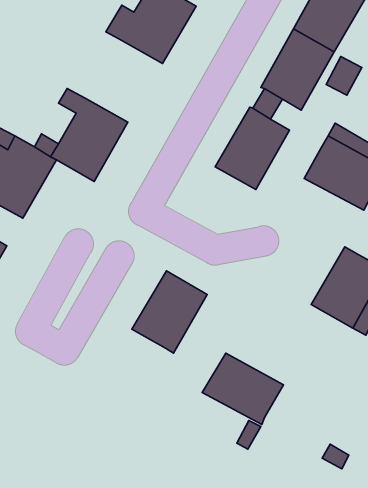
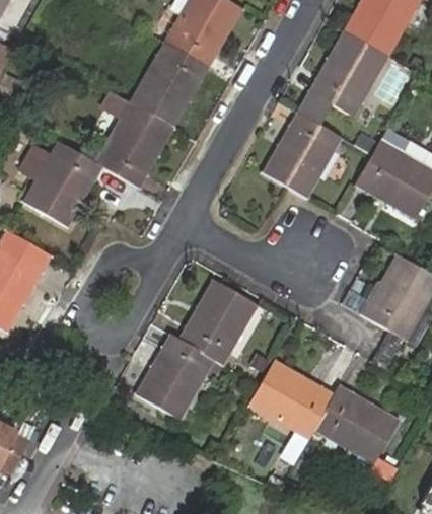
building: none -> [130,42,209,127]
building: none -> [135,334,212,419]
building: none -> [313,385,398,461]

